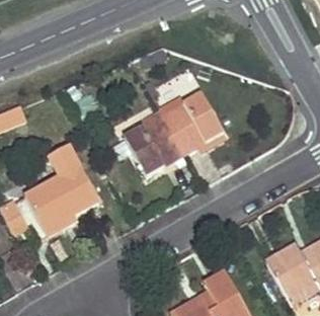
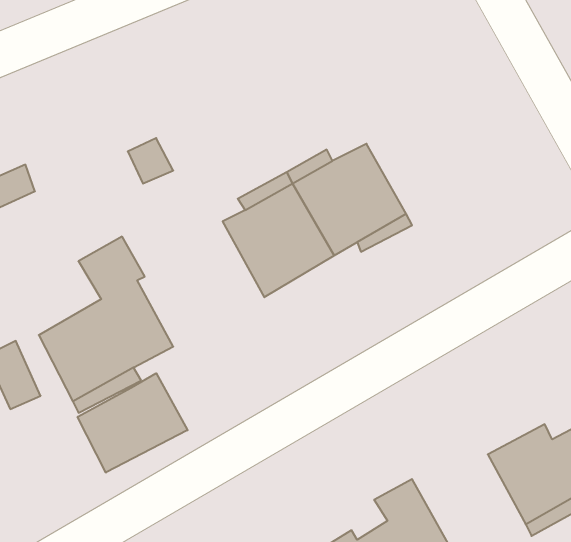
building: none -> [78,373,188,473]

